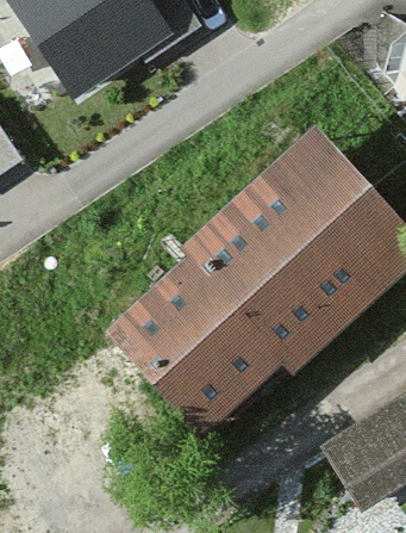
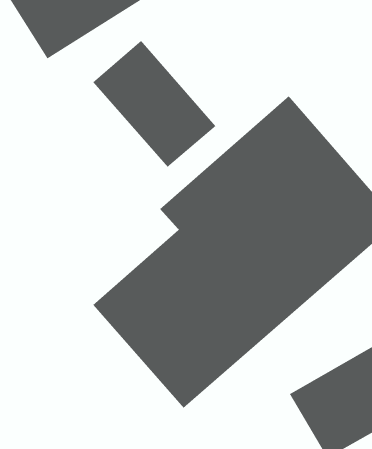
building: none -> [92,40,216,168]

